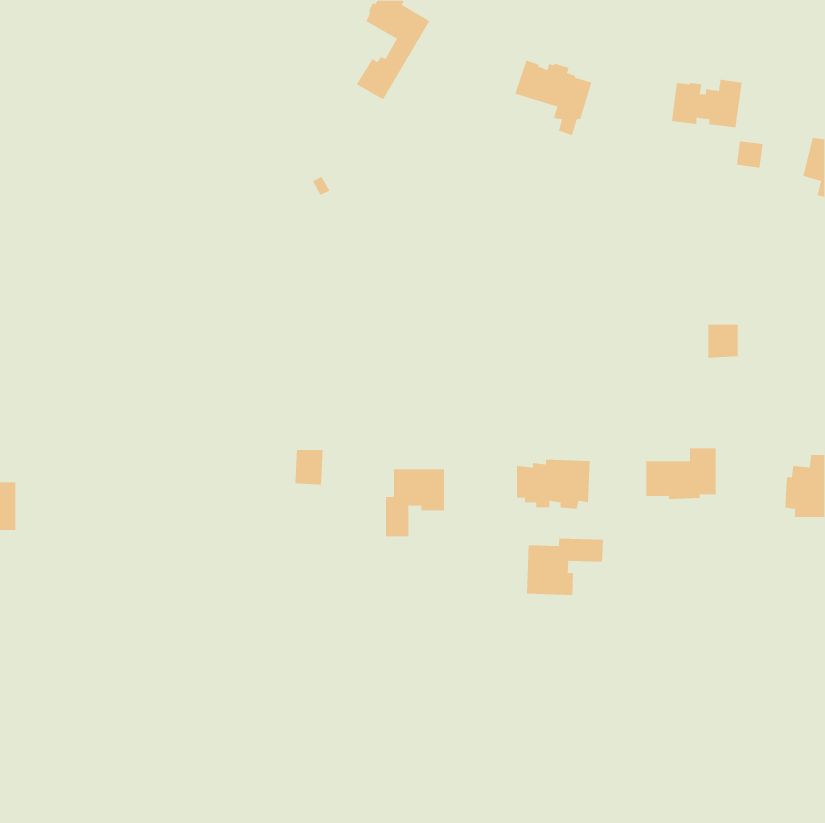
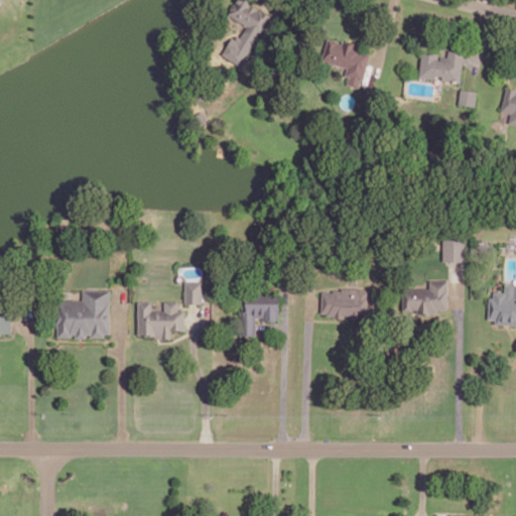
building: [708,324,738,358] -> [443,241,463,262]
building: none -> [54,291,109,338]
building: none -> [137,303,182,340]
building: [526,538,603,596] -> none

